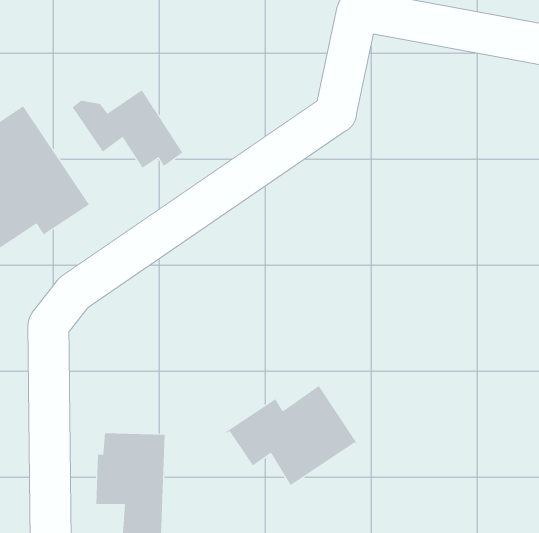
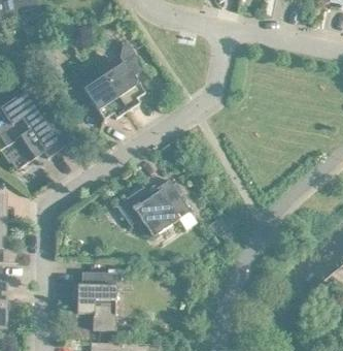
building: none -> [102,42,144,110]
building: [226,385,359,486] -> [113,179,190,236]

